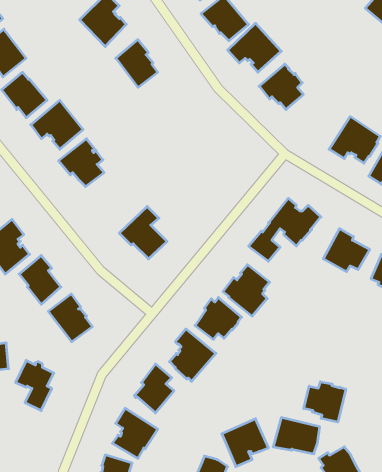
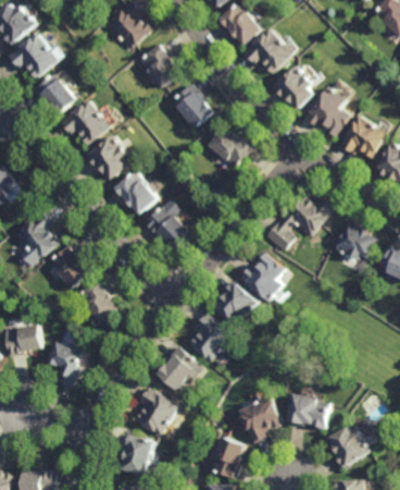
building: none -> [172,84,212,128]
building: none -> [305,87,351,137]
building: none -> [208,127,252,168]
building: none -> [114,173,158,215]
building: [304,382,346,422] -> none

